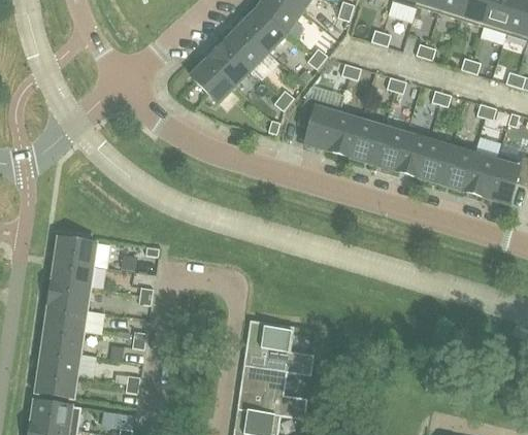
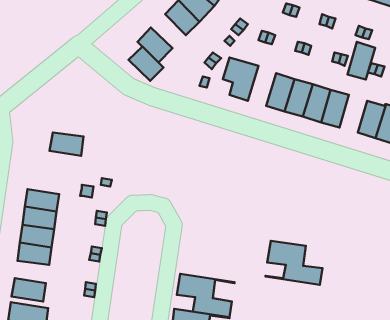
building: [207,43,251,86] -> [128,47,163,81]
building: [327,107,362,157] -> none
building: [440,143,474,190] -> [348,42,375,79]
building: [55,237,97,266] -> [49,132,84,156]
building: [243,321,314,375] -> [266,241,322,285]
building: [39,348,81,376] -> none

